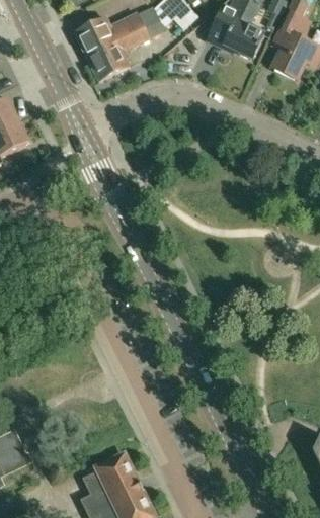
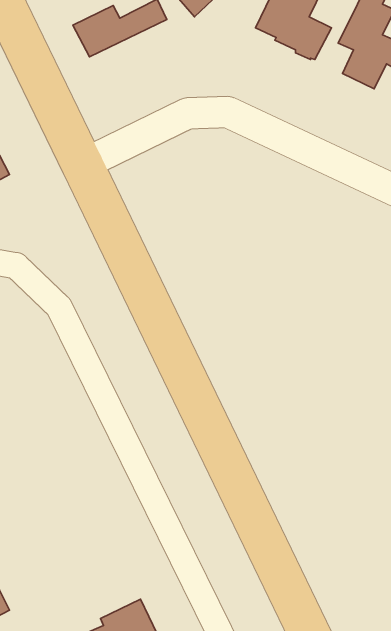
building: [87,28,148,80] -> none

